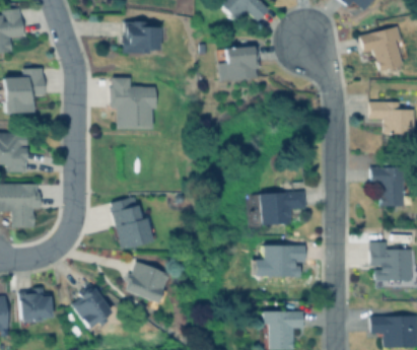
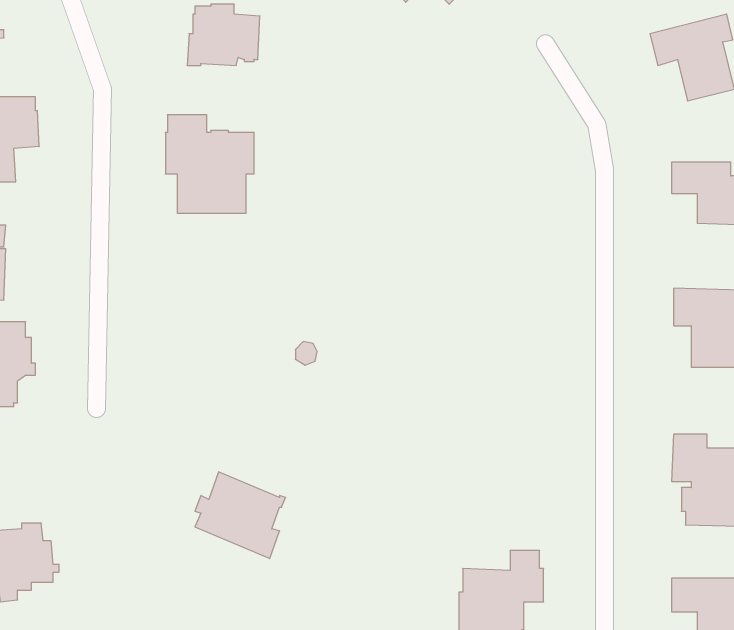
building: [217,46,261,80] -> none
building: [250,192,308,229] -> none
building: [113,197,159,250] -> none
building: [253,246,307,279] -> none
building: [72,285,113,333] -> none

